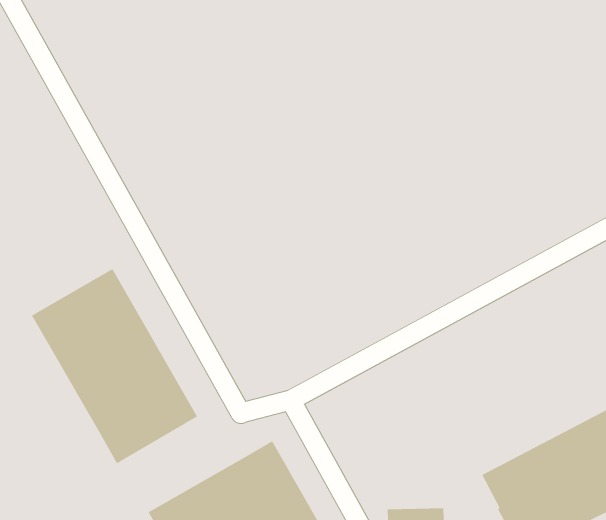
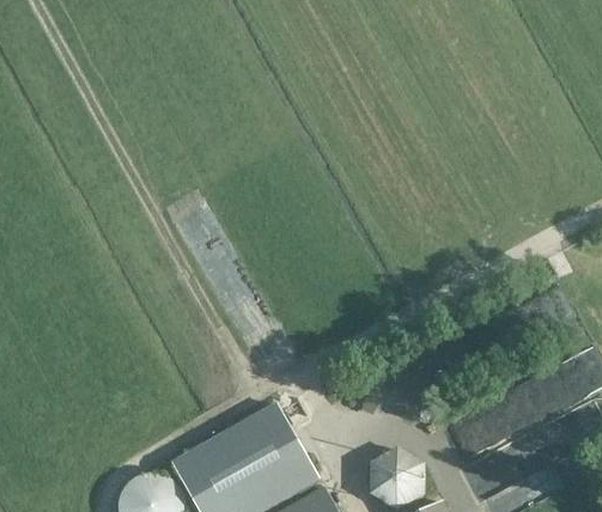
building: [31,268,198,464] -> none

